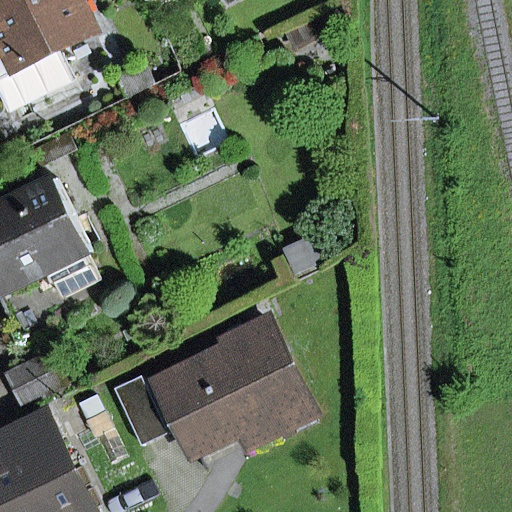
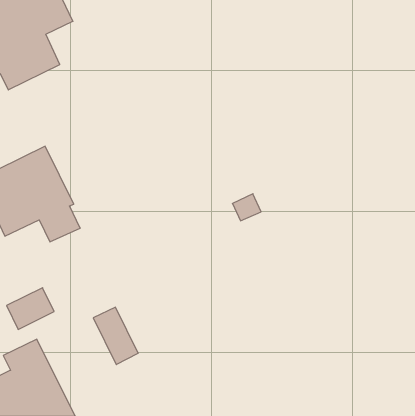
building: [159,321,312,447] -> none

